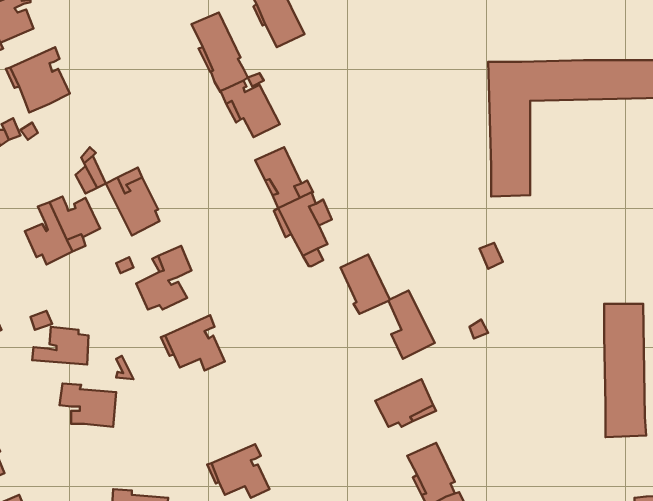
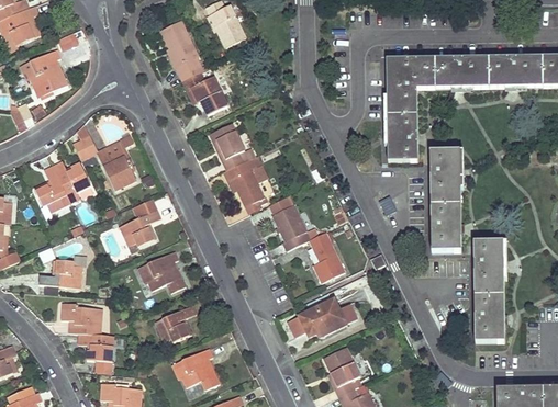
building: none -> [429,150,460,251]
building: none -> [155,304,197,341]
building: none -> [78,332,114,361]

